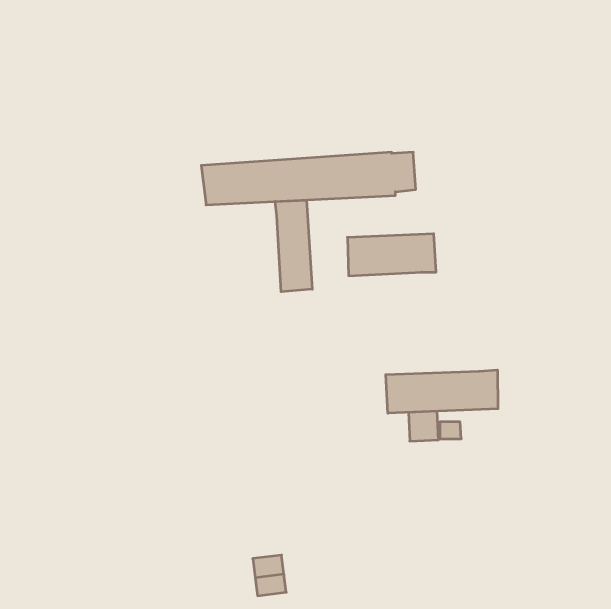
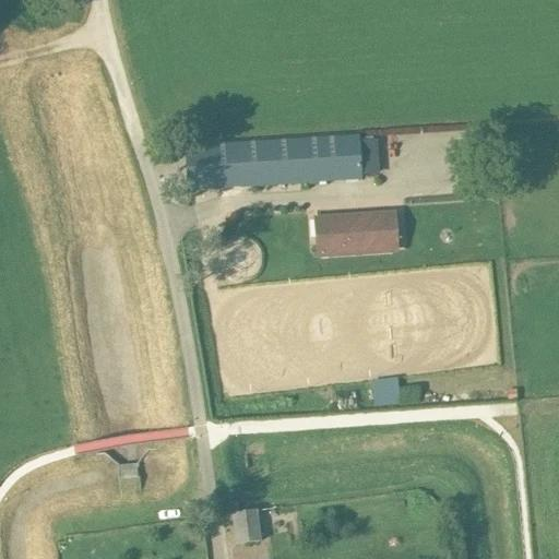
building: [275,200,312,292] -> none
building: [386,370,498,413] -> none

